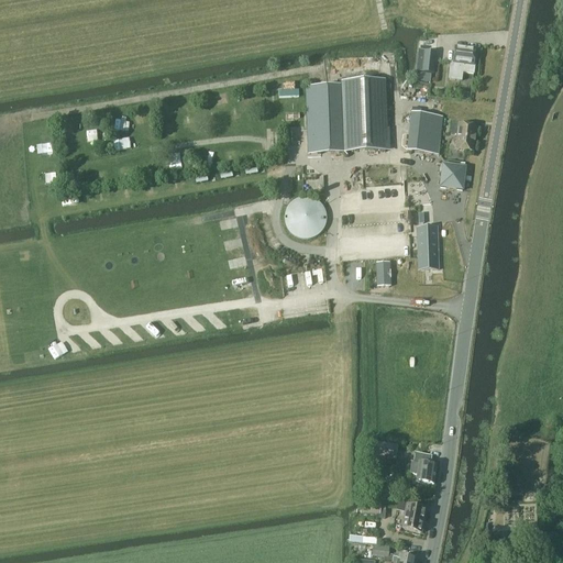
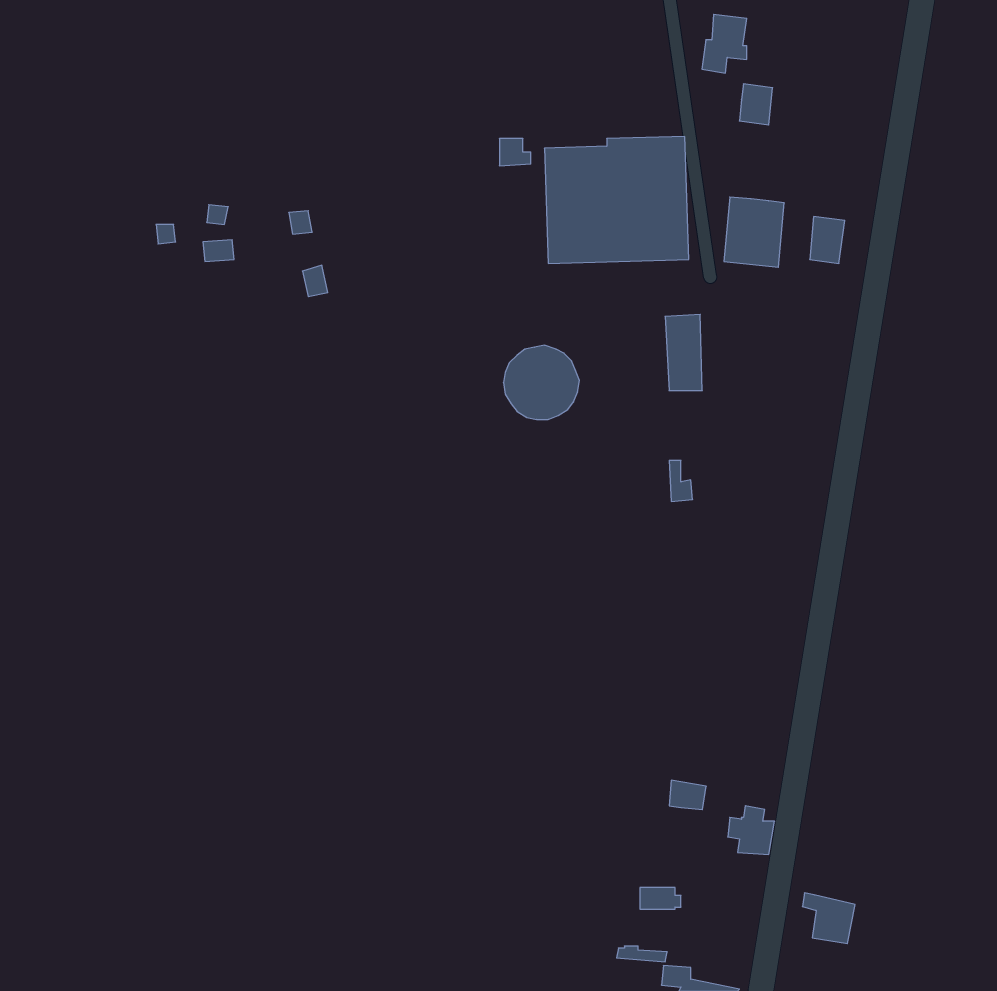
building: [449,45,474,78] -> [702,14,747,73]
building: [441,163,465,187] -> none
building: [417,224,438,267] -> [665,314,702,391]
building: [396,501,426,530] -> [802,893,855,944]

